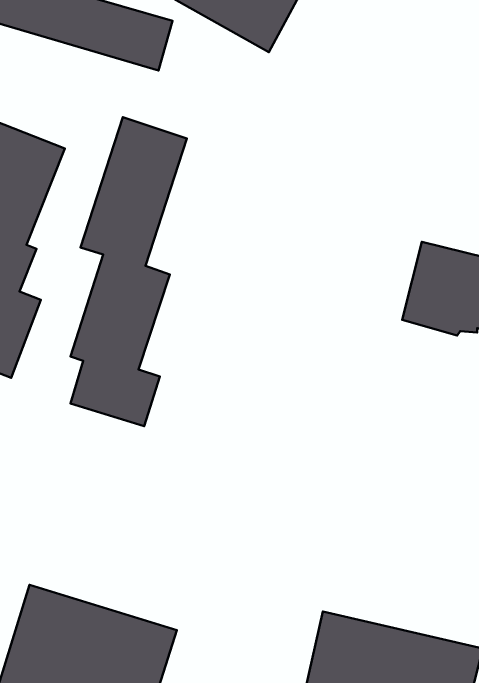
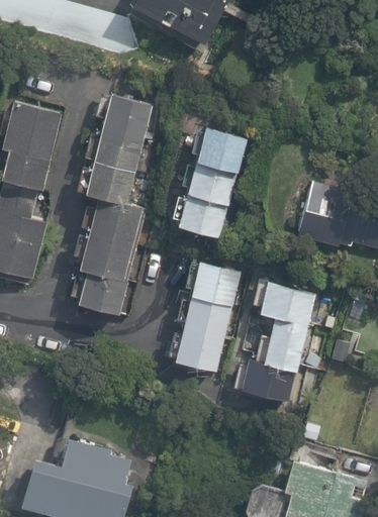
building: none -> [168,121,248,239]
building: none -> [167,257,243,371]
building: none -> [233,279,321,401]

